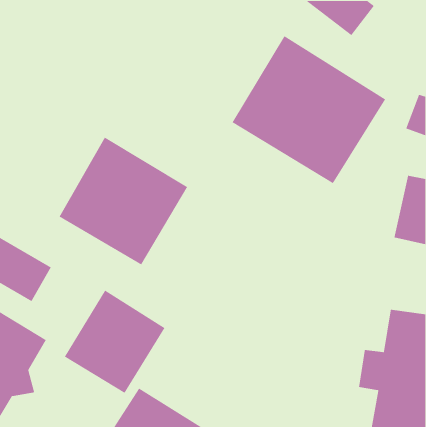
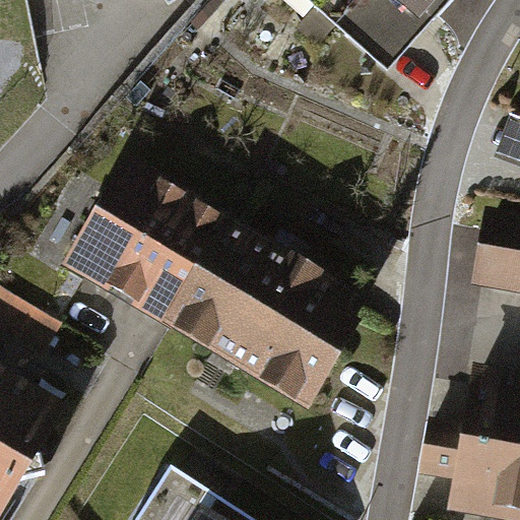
building: [232,35,386,184] -> none
building: none -> [172,228,340,405]
building: [64,289,166,394] -> none

